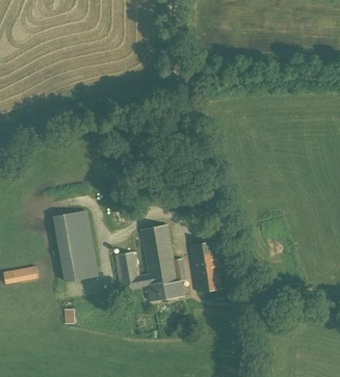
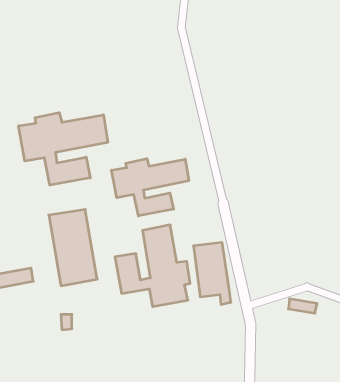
building: none -> [19,113,108,185]
building: none -> [112,159,189,216]

